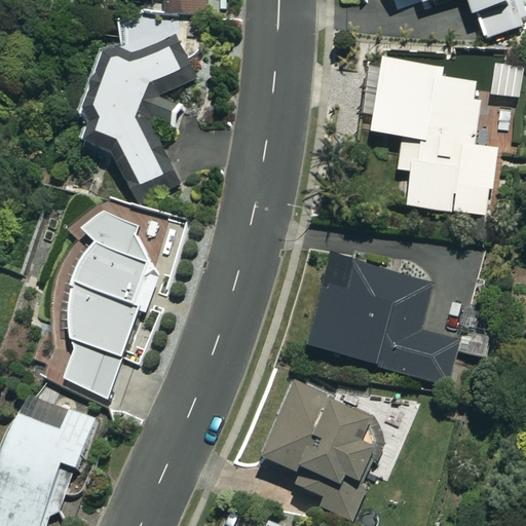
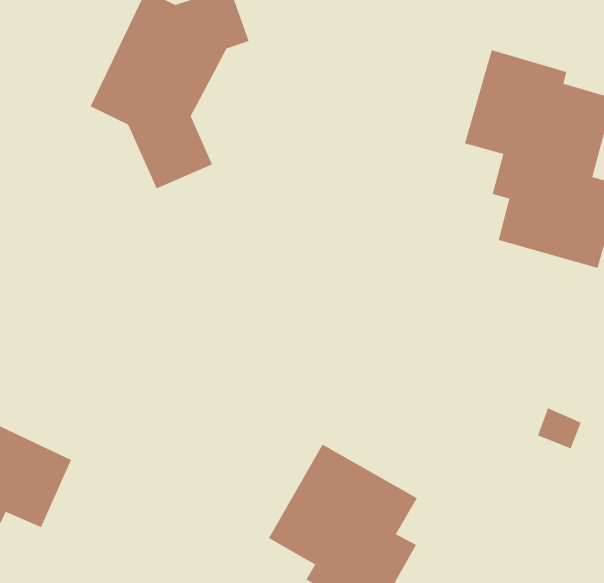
building: [62,214,160,396] -> none
building: [308,256,456,382] -> none

